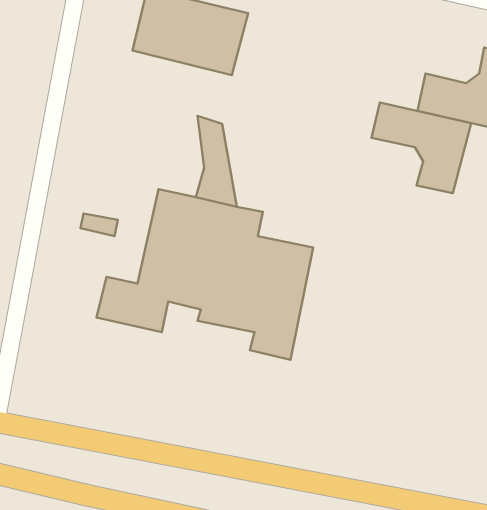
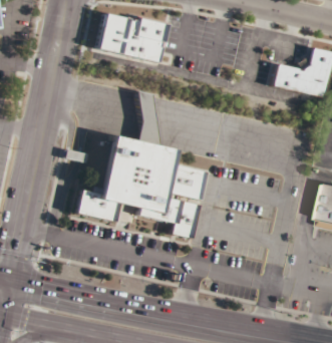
building: [372,102,471,193] -> none

